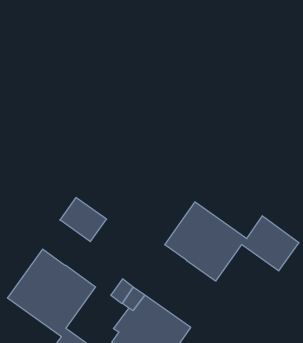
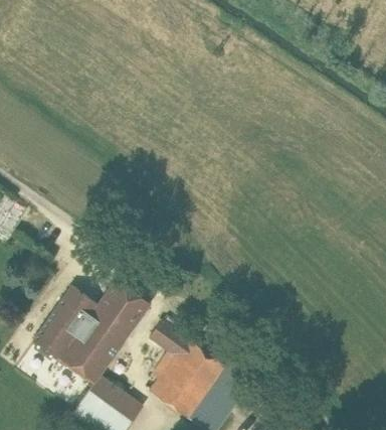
building: [60,198,107,242] -> [99,279,151,328]
building: [165,202,299,281] -> none

